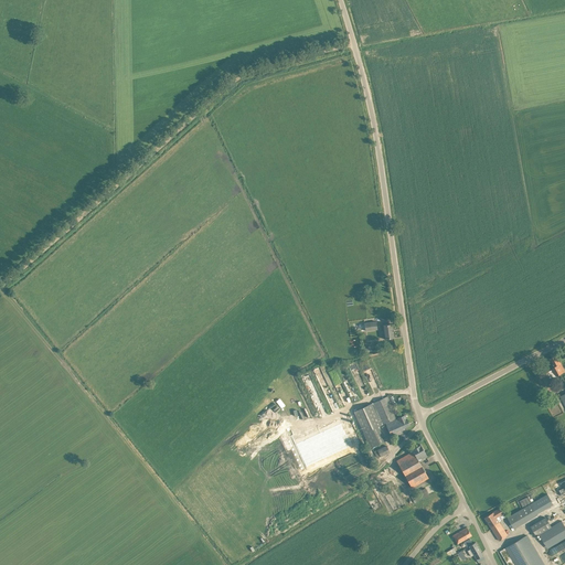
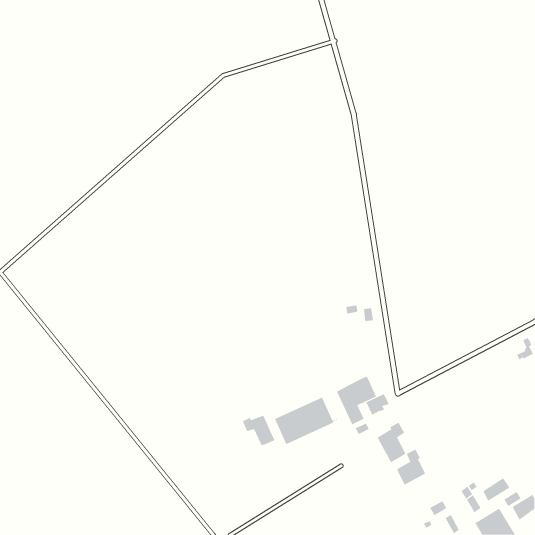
building: none -> [242,415,275,446]
building: none -> [396,449,426,485]

